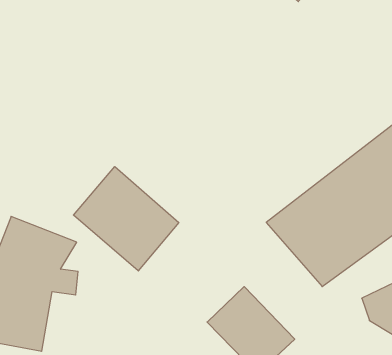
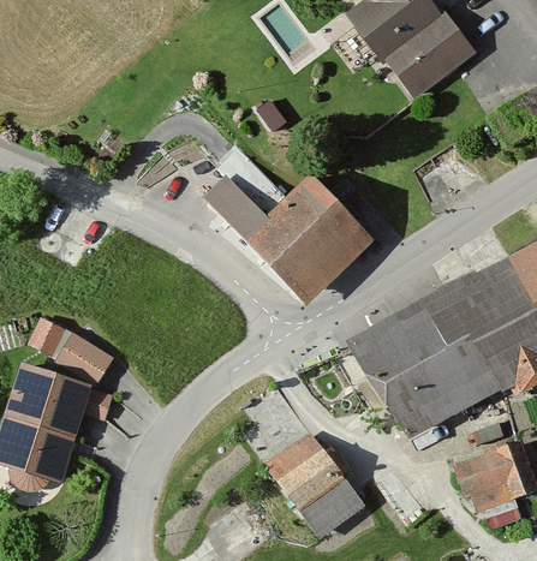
building: none -> [204,172,371,303]
building: [73,167,179,271] -> none

